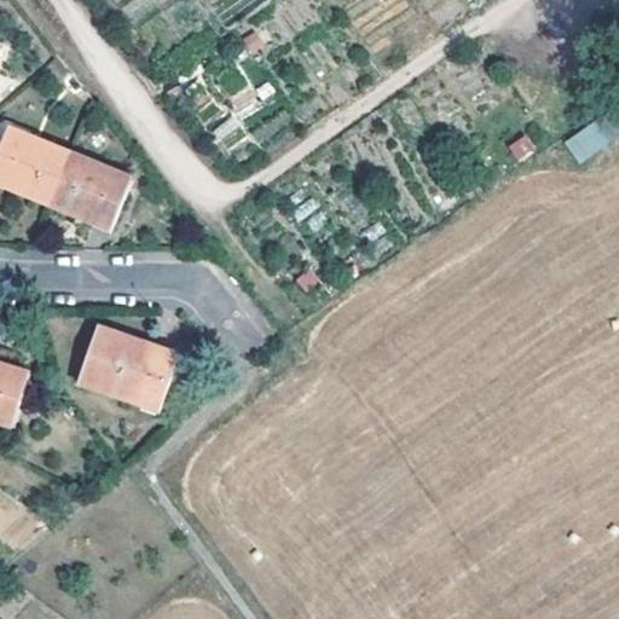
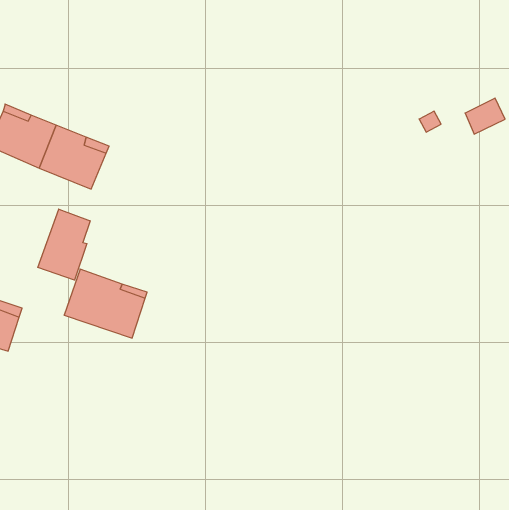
building: none -> [38,209,90,280]

